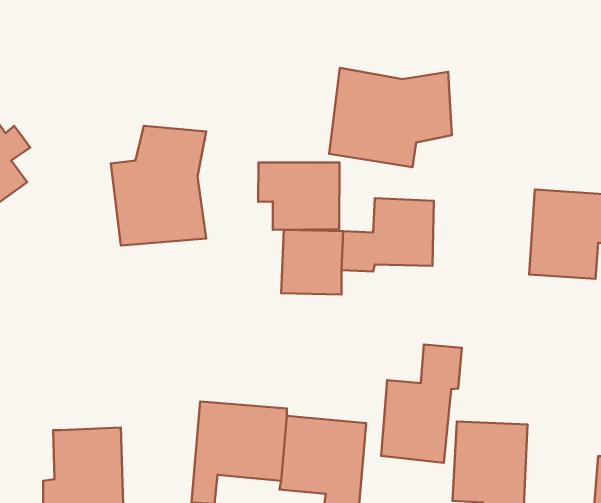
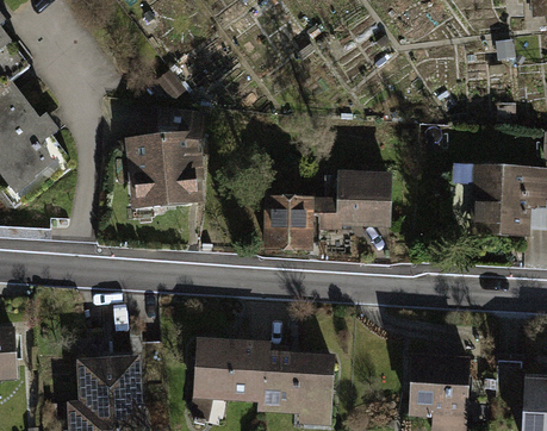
building: [329,68,452,167] -> none
building: [258,163,339,230] -> none
building: [381,344,462,463] -> none

